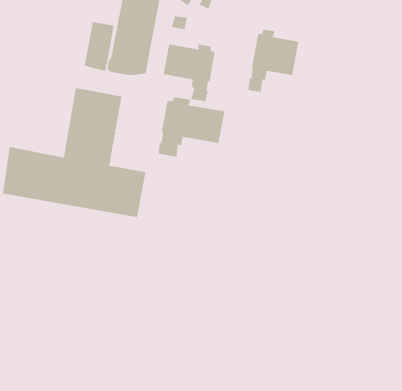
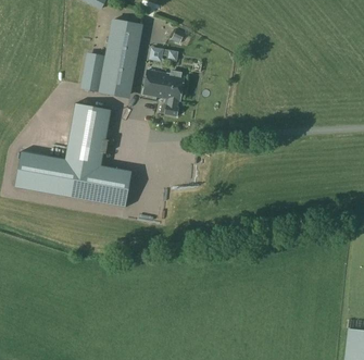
building: [248,29,299,93] -> none
building: [158,96,225,157] -> none

